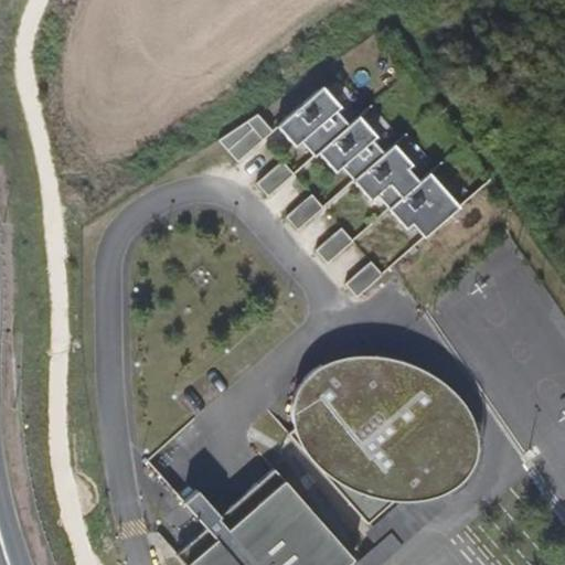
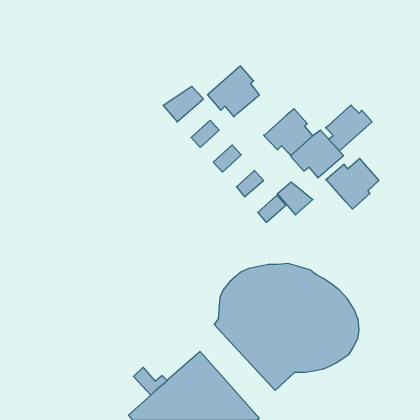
building: [319,118,385,181] -> none
building: none -> [326,105,372,151]
building: none -> [326,158,379,209]
building: none -> [277,182,313,215]

